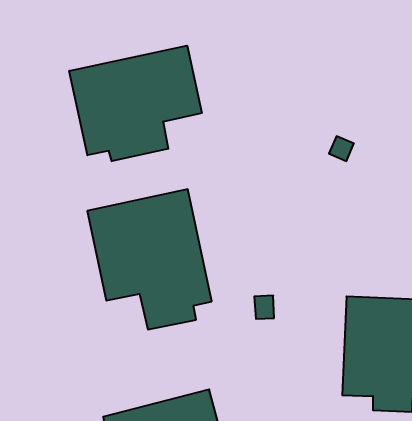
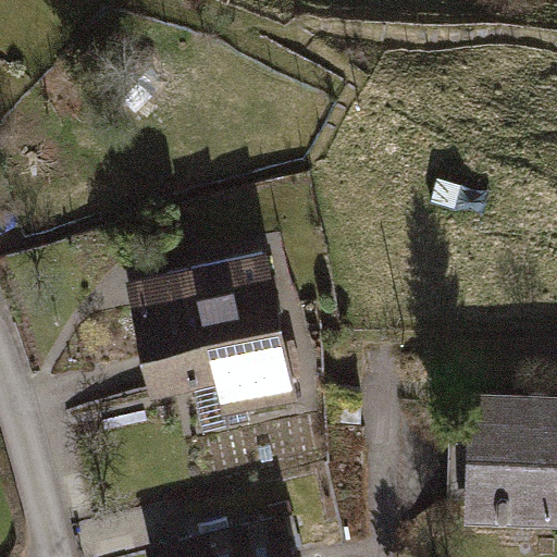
building: [69,46,202,161] -> none

